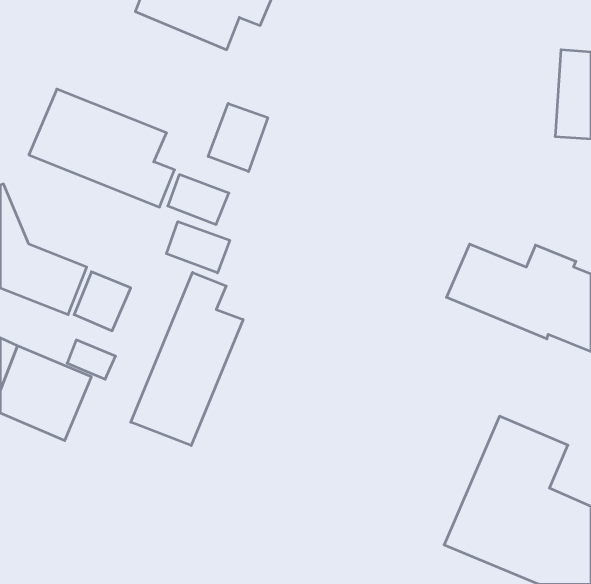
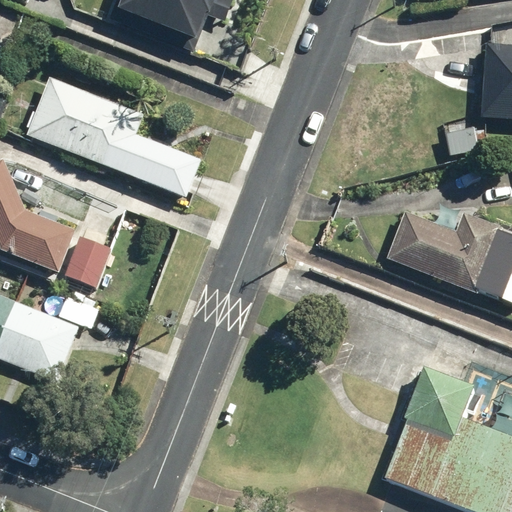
building: [208,103,268,172] -> none
building: [166,222,230,273] -> none
building: [131,272,243,446] -> none

